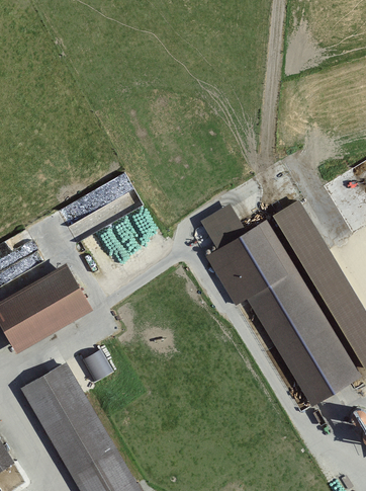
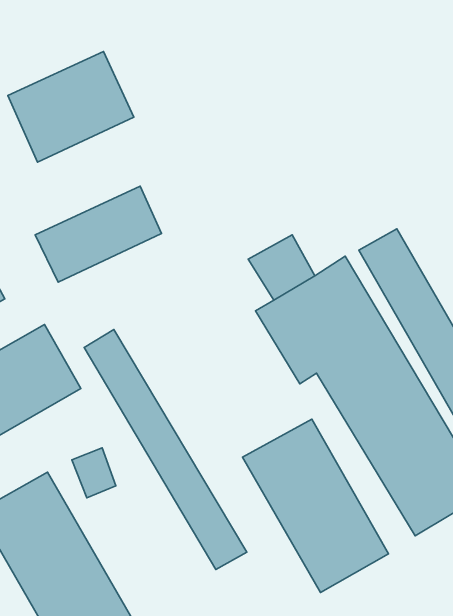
building: none -> [8,51,134,162]
building: none -> [84,329,247,569]
building: none -> [242,419,388,593]

